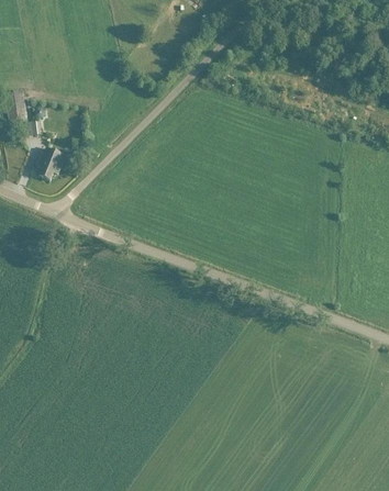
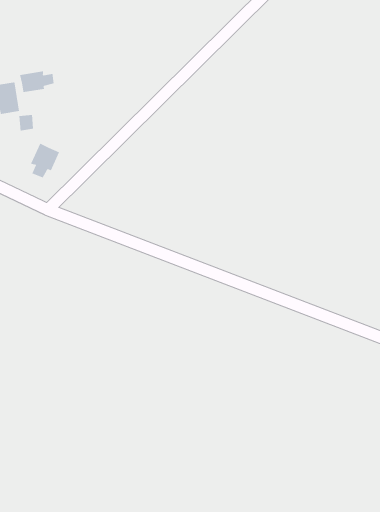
building: none -> [19,71,54,93]

